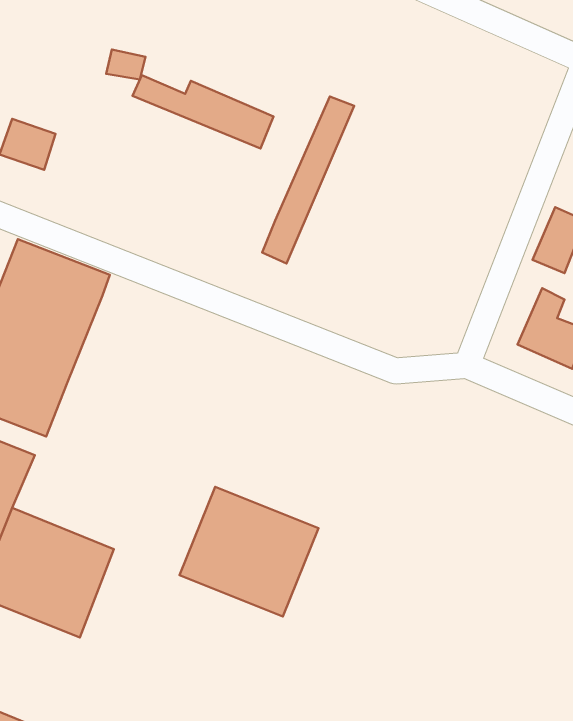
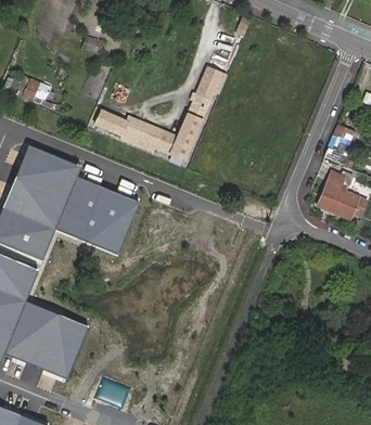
building: [133,75,274,148] -> [95,110,177,152]
building: [179,487,318,617] -> [56,177,137,252]

